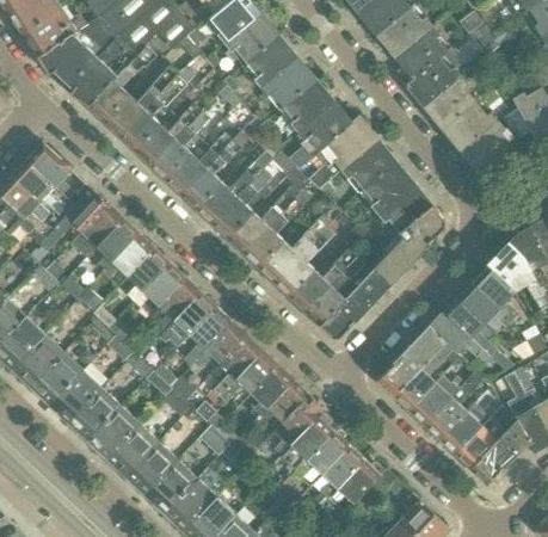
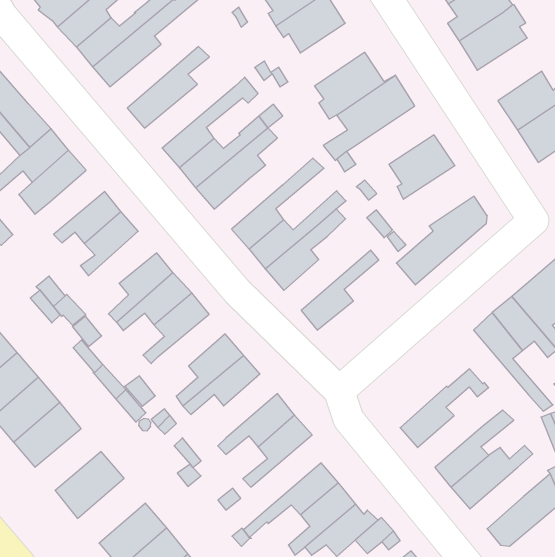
building: [424,75,475,128] -> none
building: [282,79,333,131] -> none
building: [134,101,201,165] -> none
building: [165,129,233,193] -> none
building: [340,138,395,187] -> none
building: [227,166,309,252] -> none
building: [376,183,432,233] -> none
building: [96,217,138,271] -> none
building: [289,249,355,310] -> none
building: [133,261,185,307] -> none
building: [319,265,393,338] -> none
building: [377,311,492,395] -> none
building: [195,321,246,365] -> none
building: [250,364,293,418] -> none
building: [408,381,458,424] -> none
building: [278,408,333,471] -> none
building: [455,416,497,468] -> none
building: [106,422,158,474] -> none
building: [144,458,197,512] -> none

